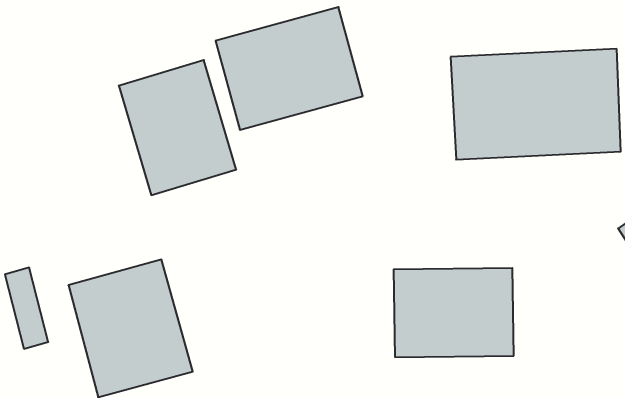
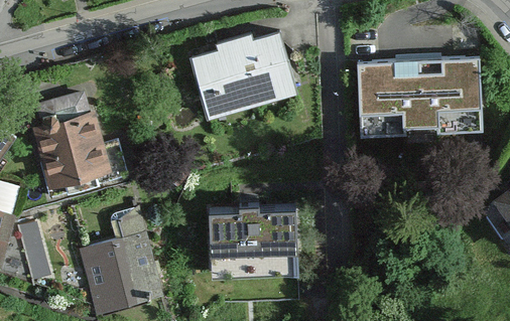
building: [119,60,236,195] -> [25,97,113,197]
building: [394,268,514,357] -> [215,206,304,273]

